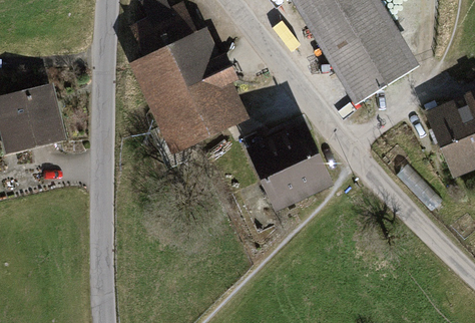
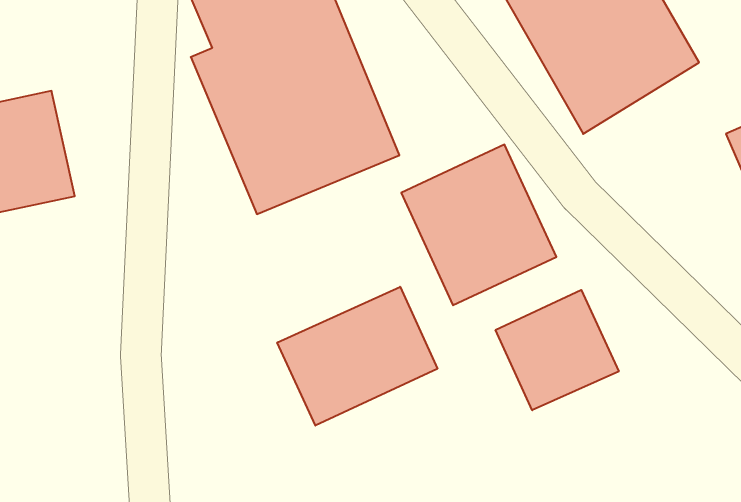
building: none -> [277,287,437,426]
building: none -> [496,290,619,410]

